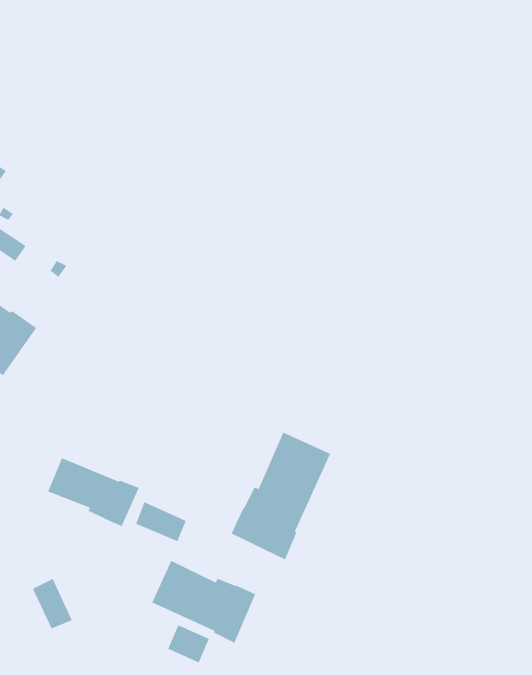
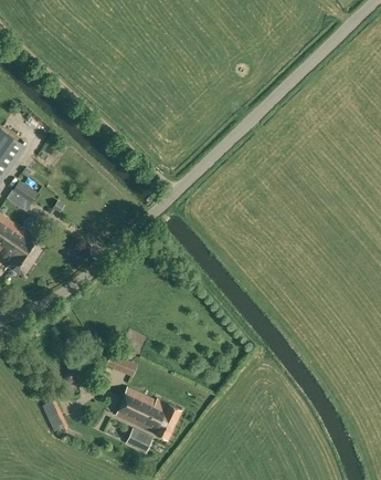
building: [231,432,331,561] -> none
building: [47,457,140,527] -> none

